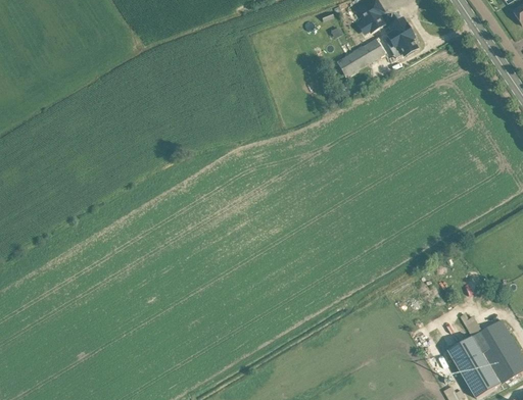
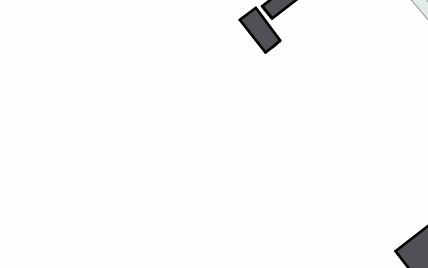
building: none -> [240,8,280,53]

